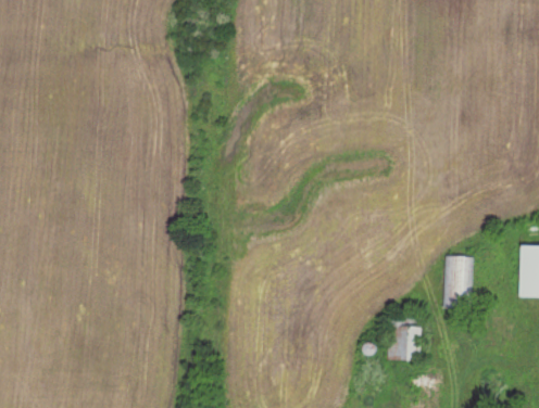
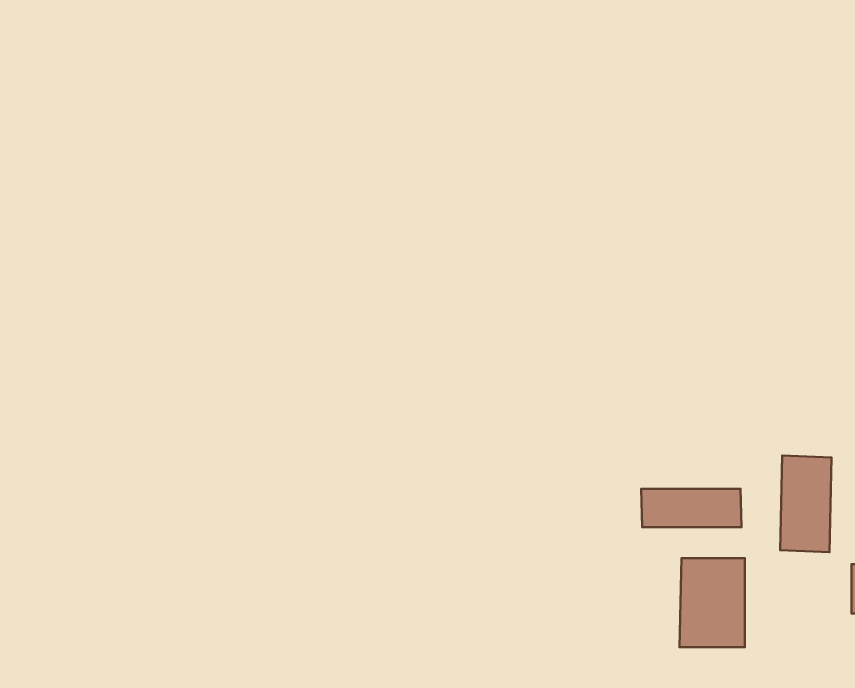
building: none -> [641,489,741,527]

